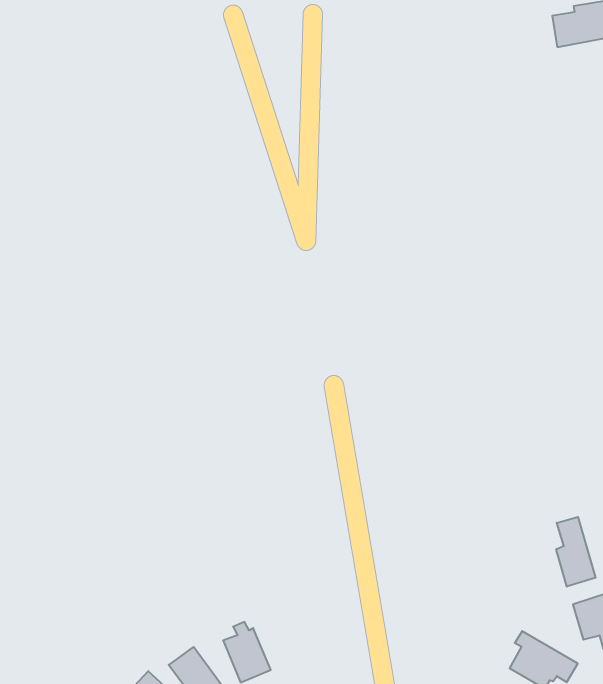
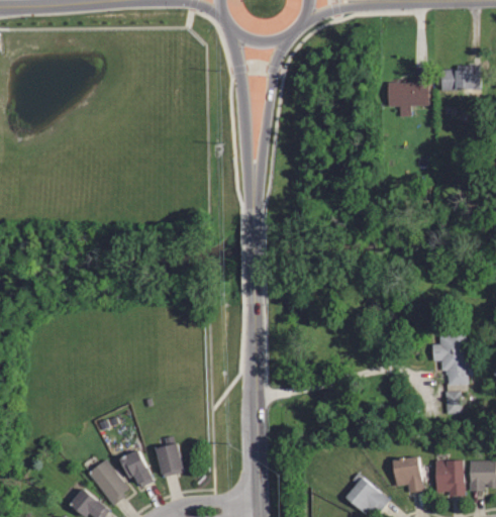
building: none -> [387,81,428,117]
building: [556,517,596,587] -> none

